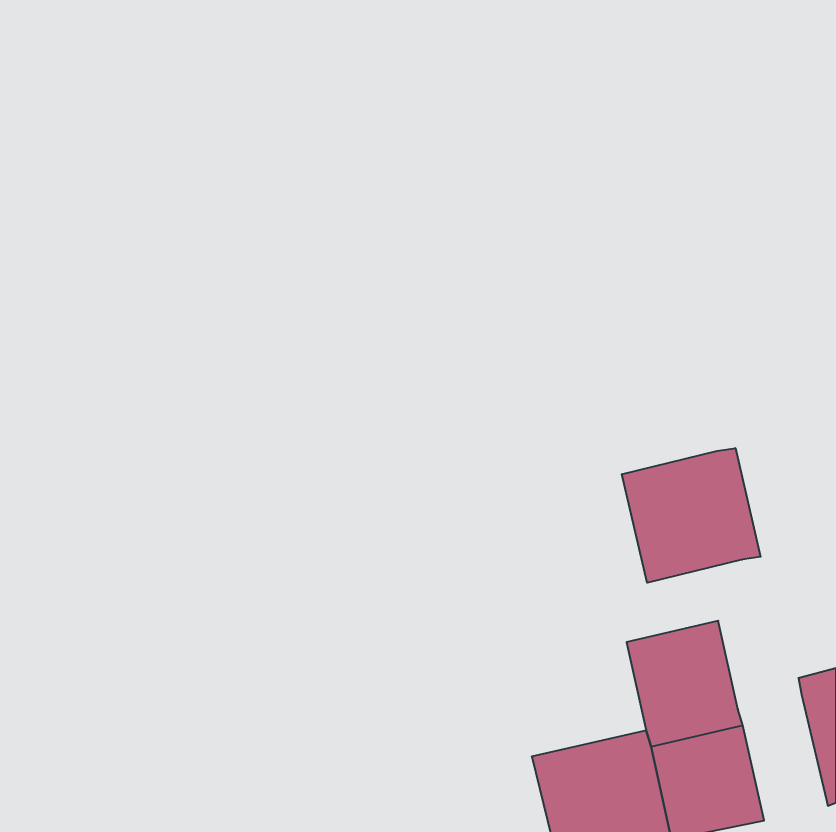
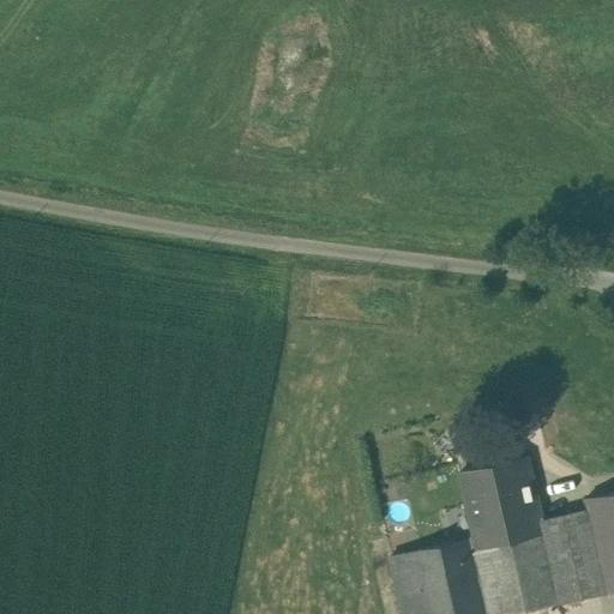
building: [622,448,761,583] -> none
building: none -> [541,512,607,604]

